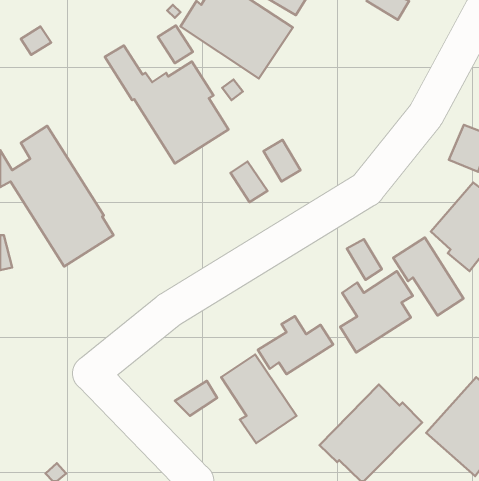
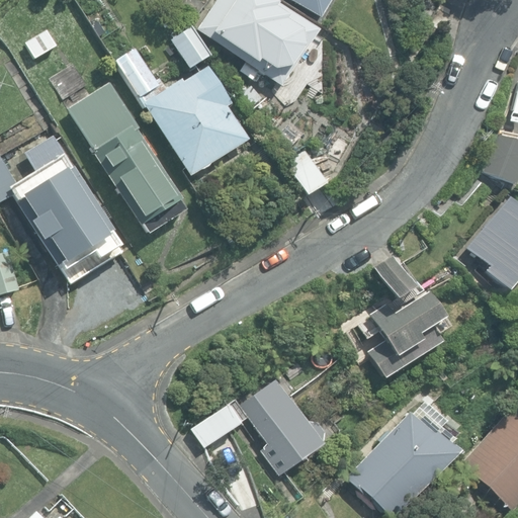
building: none -> [69,82,186,232]
building: [393,238,464,315] -> none
building: [258,316,333,374] -> none

